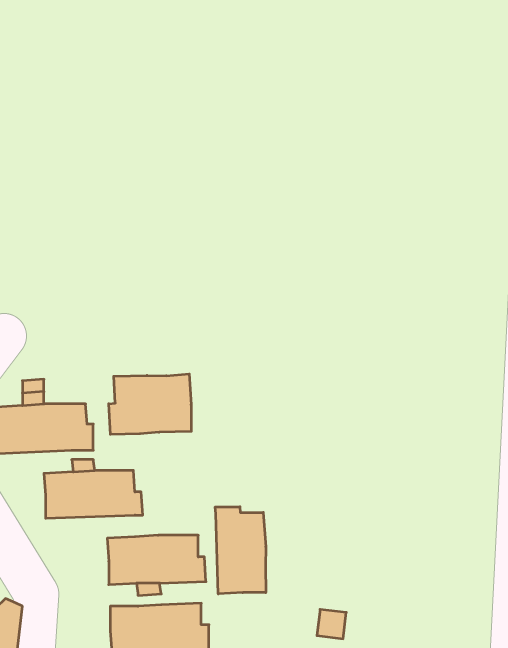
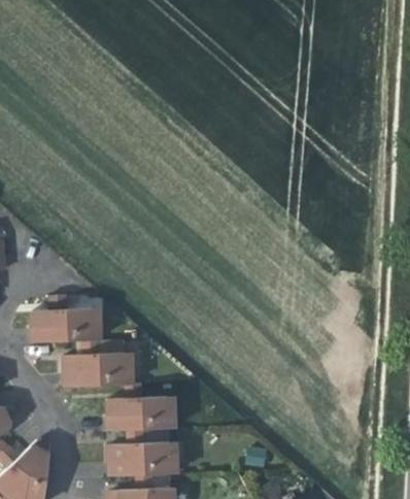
building: [109,374,191,434] -> none
building: [215,507,266,594] -> none

